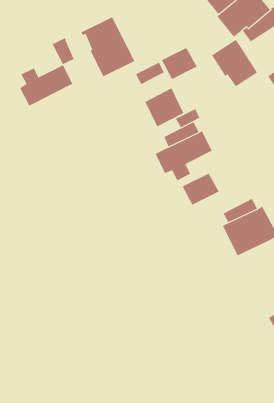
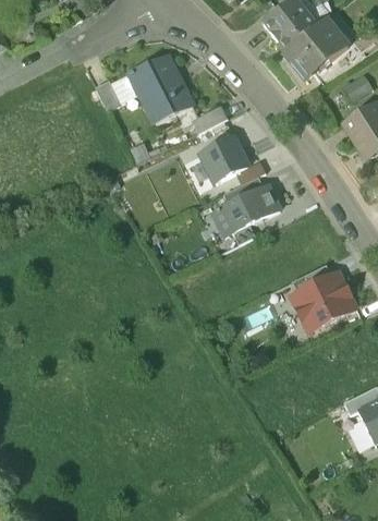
building: [211,39,258,87] -> none
building: [161,47,197,80] -> none
building: [19,64,73,106] -> none
building: [182,173,219,206] -> none

